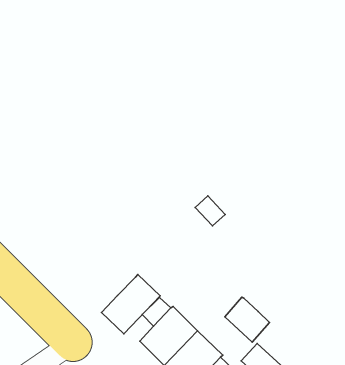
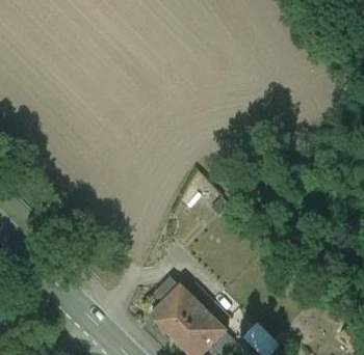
building: [102,274,160,334] -> none
building: [225,297,269,342] -> none

